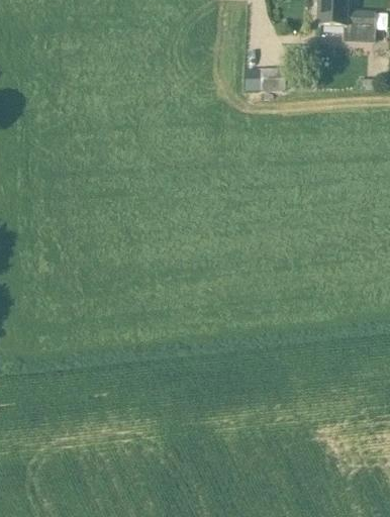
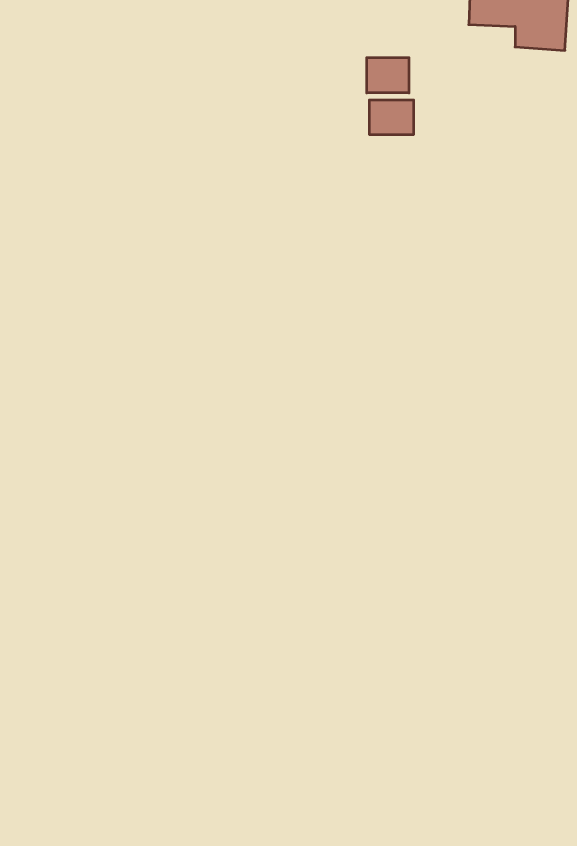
building: none -> [367,58,409,93]

